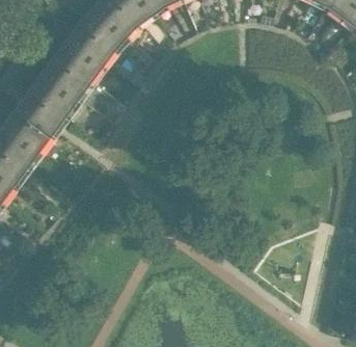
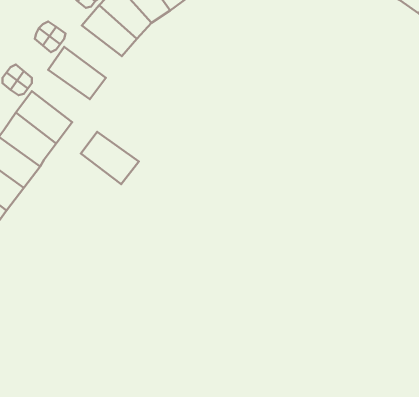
building: [74,24,118,64] -> none
building: [49,58,93,99] -> [81,132,139,184]

